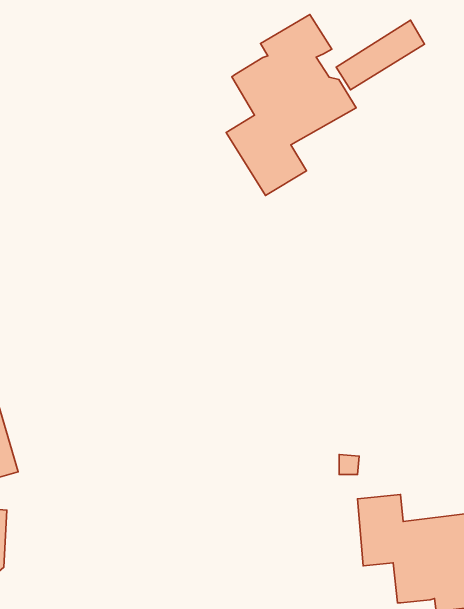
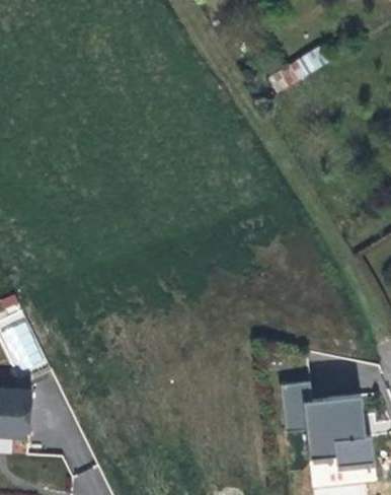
building: [226,15,356,196] -> none

